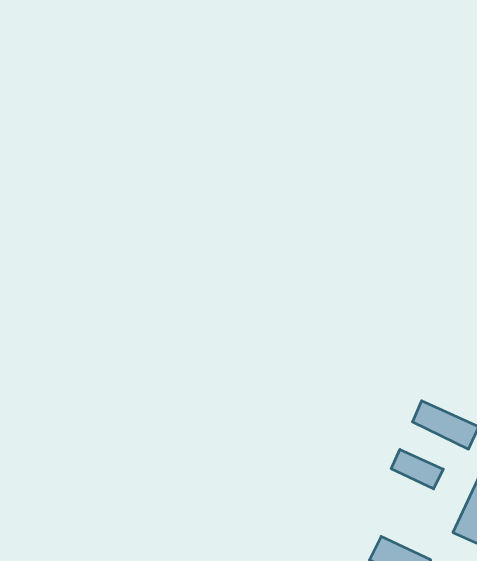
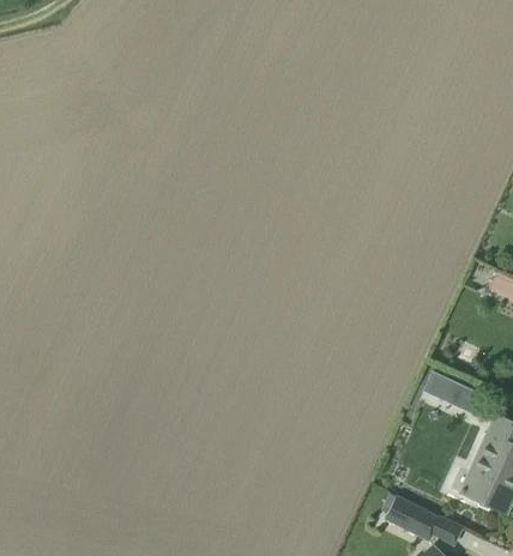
building: [391,449,443,489] -> none

